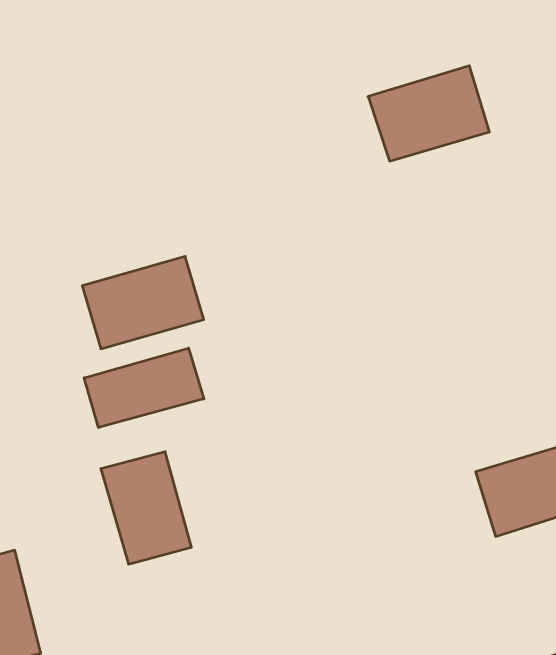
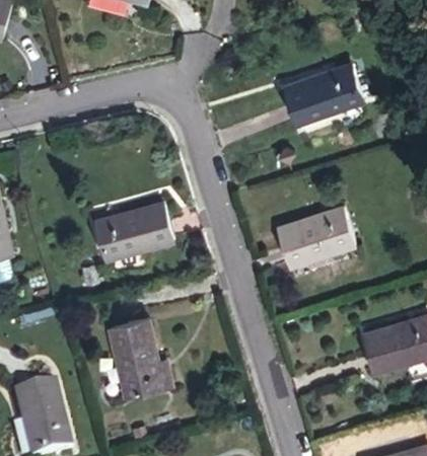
building: none -> [274,214,354,272]
building: [84,348,204,428] -> none

